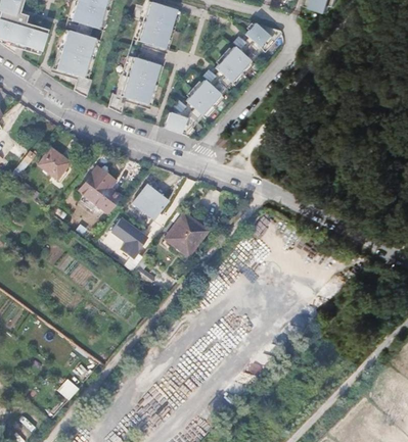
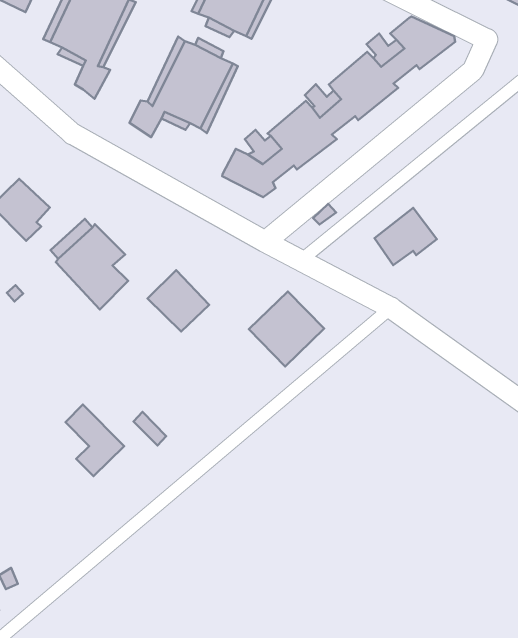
building: none -> [375,208,437,265]
building: [166,212,208,254] -> [249,291,324,366]
building: [111,218,146,257] -> [65,405,124,476]

